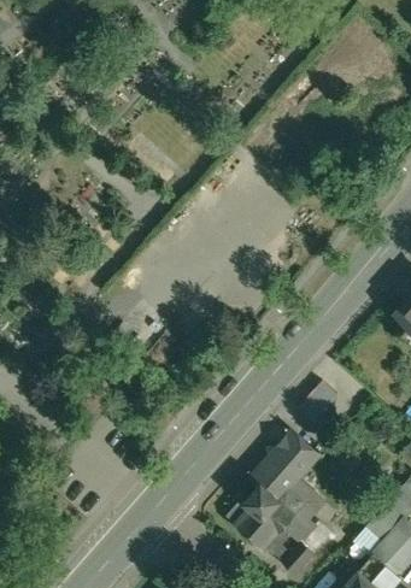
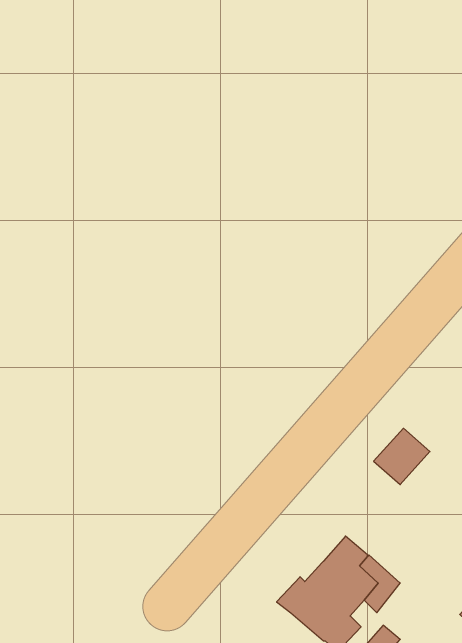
building: [254,433,319,486] -> none

